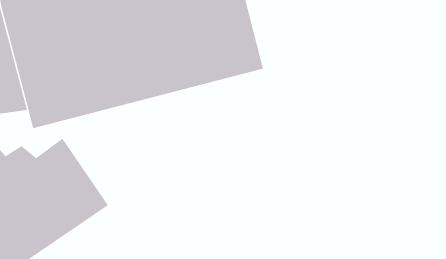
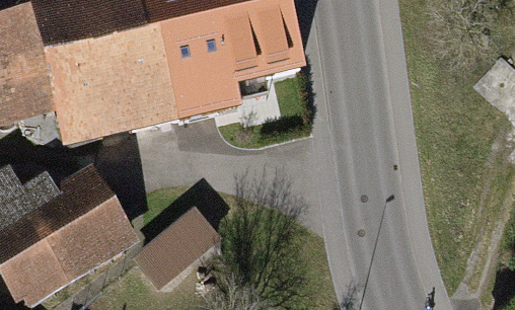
building: none -> [135,196,226,281]

